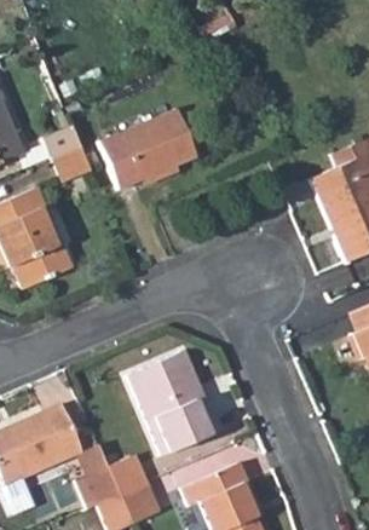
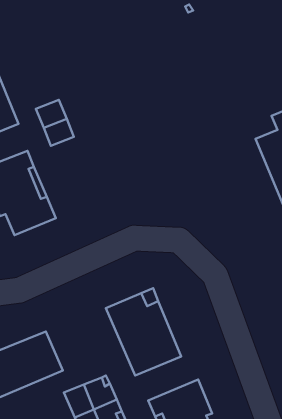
building: [100,106,197,188] -> none

